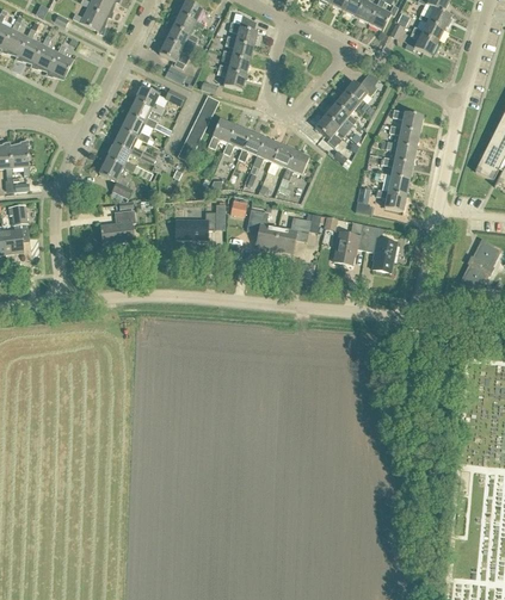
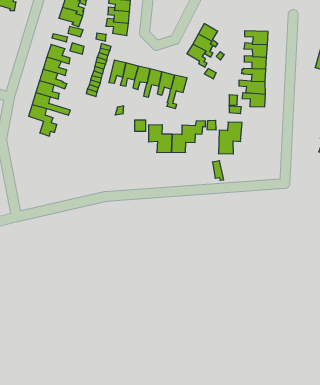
building: [343,78,376,112] -> none
building: [174,204,224,239] -> none
building: [100,209,135,243] -> none
building: [364,225,396,272] -> none

